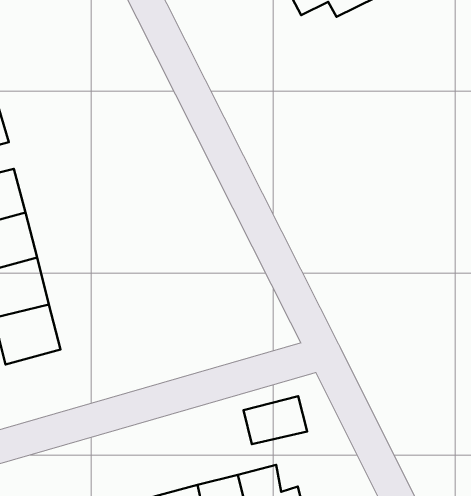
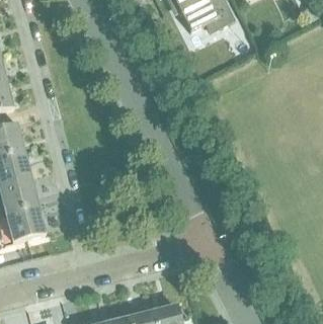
building: [244,396,307,444] -> none

